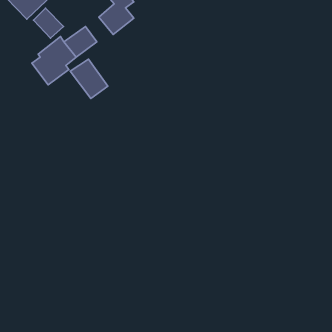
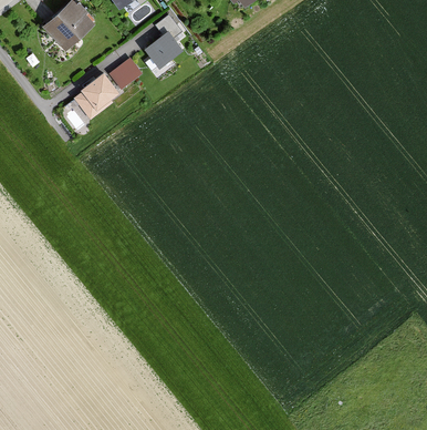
building: [33,8,64,38] -> none
building: [70,59,108,98] -> none

